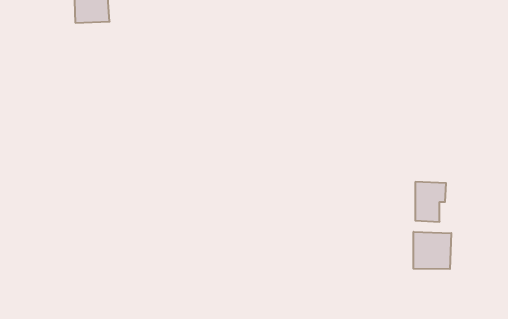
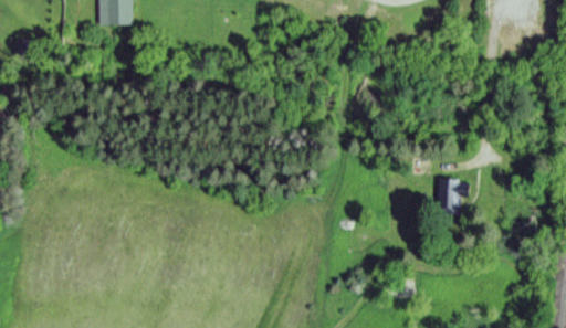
building: [413,232,451,269] -> none

